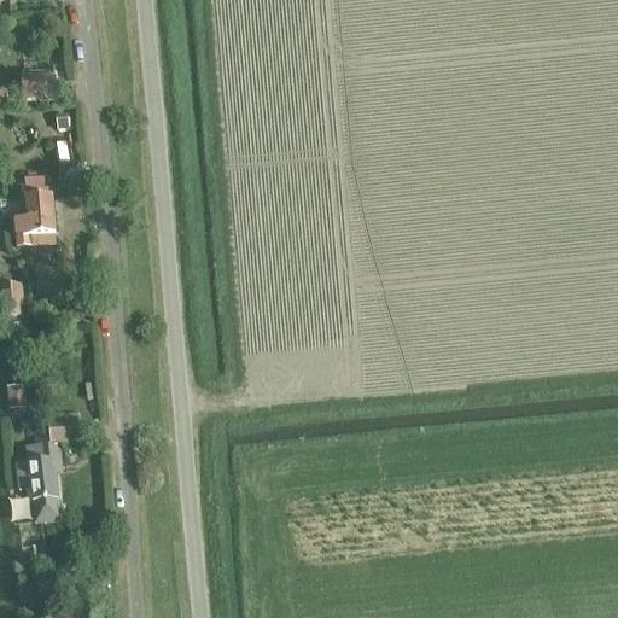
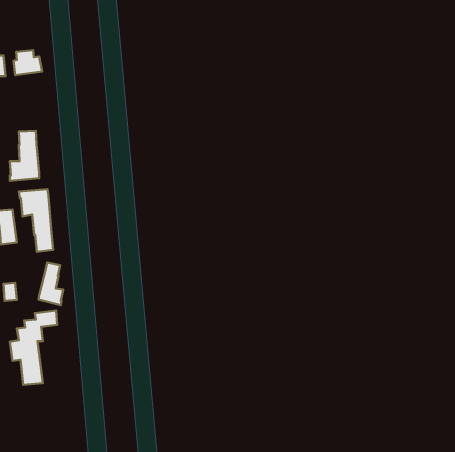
building: none -> [19,189,53,252]
building: none -> [39,262,63,305]

